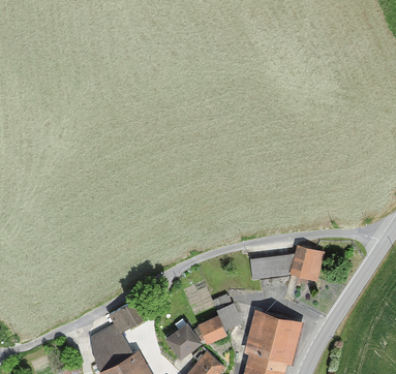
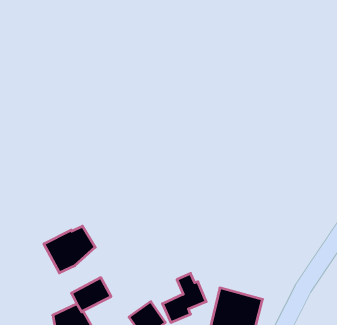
building: [251,245,324,280] -> none
building: none -> [44,226,95,273]

